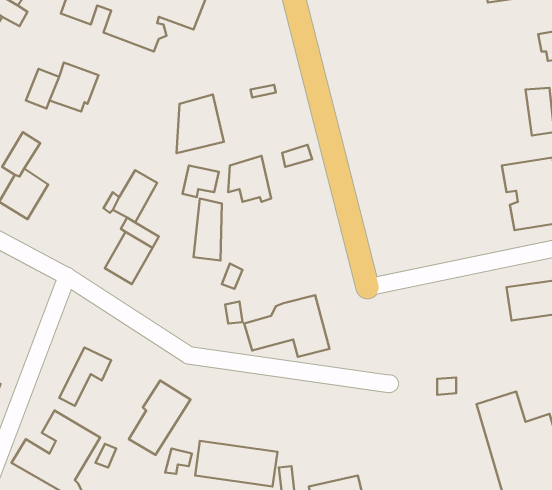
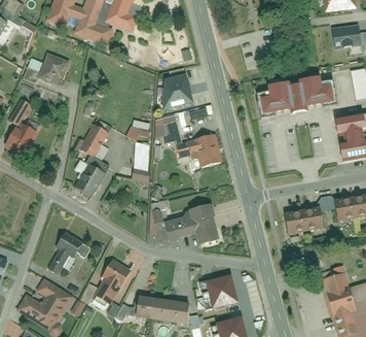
building: none -> [330,26,358,48]
building: [176,95,224,153] -> [163,72,194,110]
building: none -> [262,75,336,113]
building: none -> [175,132,223,166]
building: none -> [285,205,326,235]
building: none -> [196,277,232,310]

